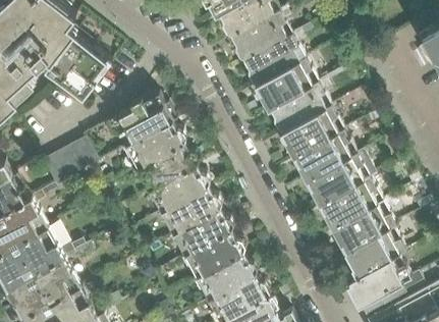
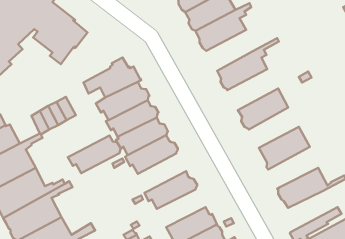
building: [257,64,318,114] -> none
building: [282,112,344,162] -> none
building: [309,153,371,208] -> none
building: [332,207,417,256] -> none
building: [169,215,234,261] -> [68,136,121,173]
building: [193,259,258,305] -> none
building: [347,261,411,311] -> none

